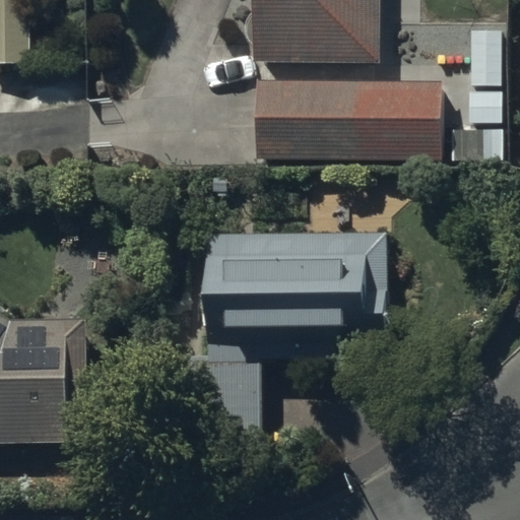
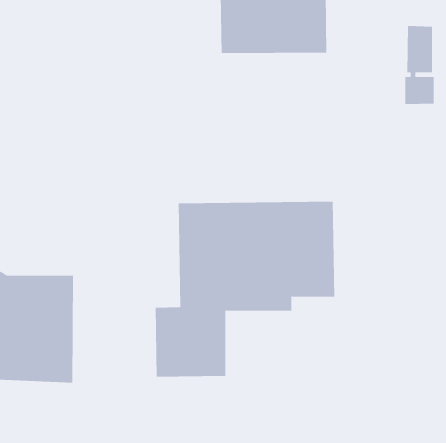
building: [257,78,441,157] -> none

